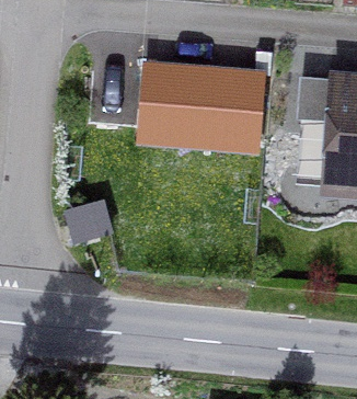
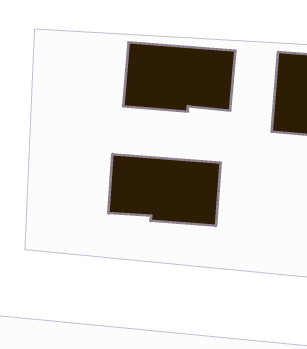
building: none -> [109,154,221,226]

